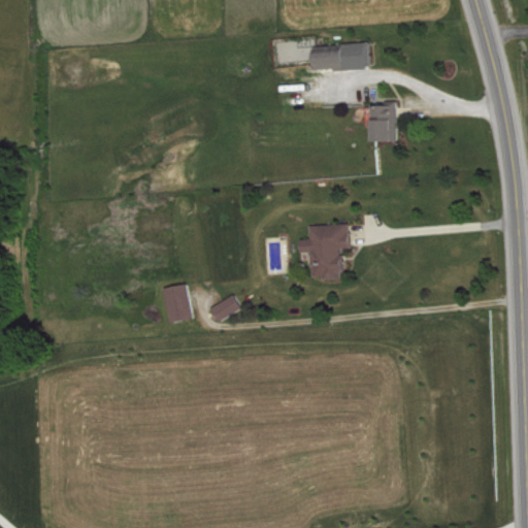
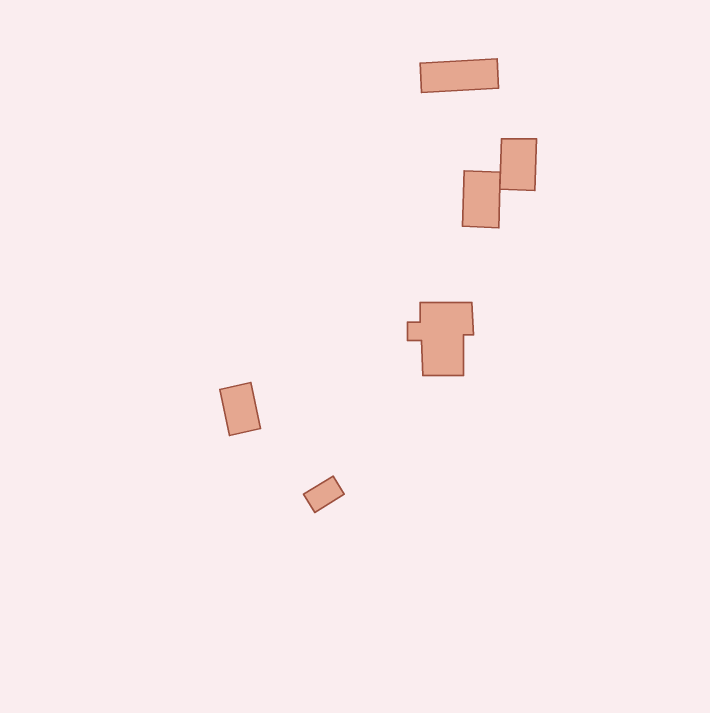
building: none -> [463,171,500,228]
building: [210,295,240,322] -> [304,476,344,512]

